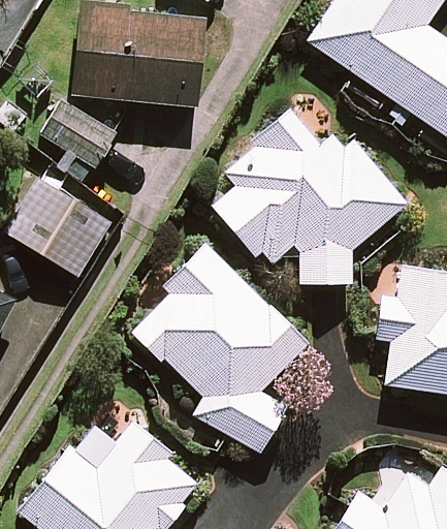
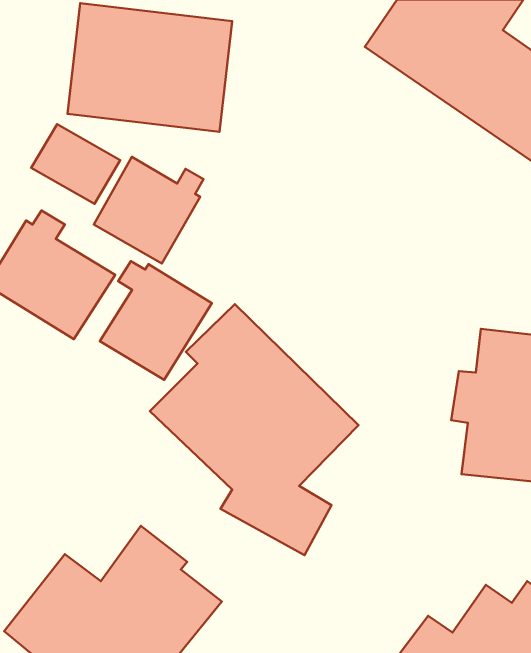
building: [218,114,404,283] -> none
building: none -> [94,157,204,264]
building: none -> [100,261,212,380]

